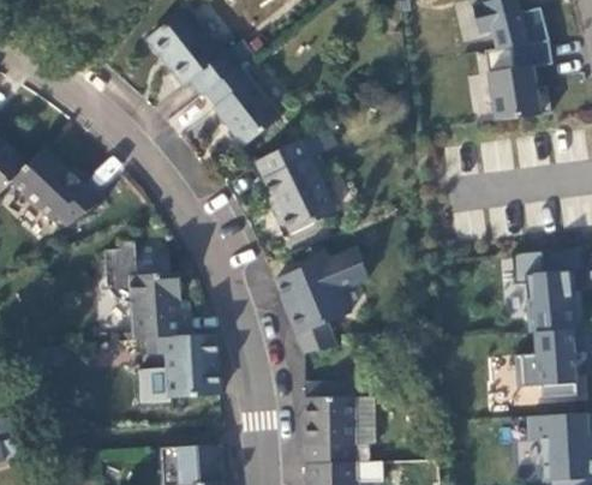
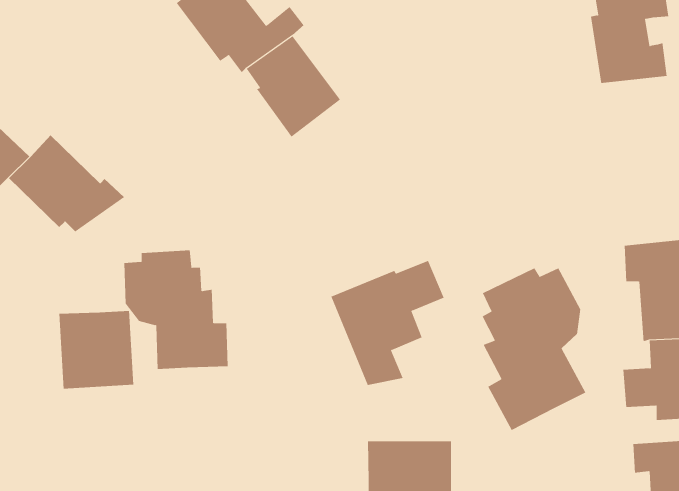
building: [256,128,336,238] -> none
building: none -> [482,267,586,431]
building: [155,337,217,402] -> [58,311,134,389]

